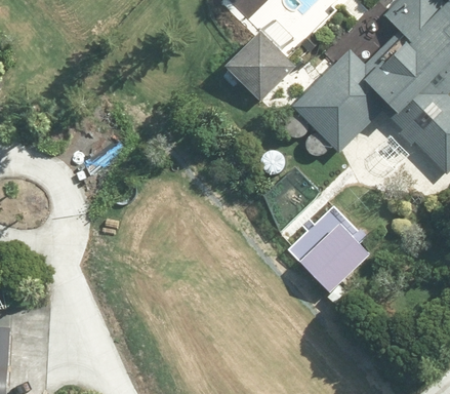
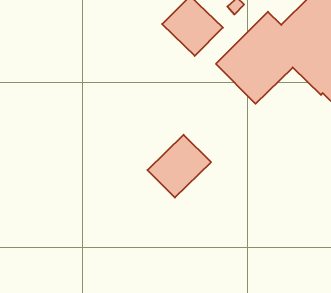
building: [294,222,368,294] -> [147,135,211,198]

